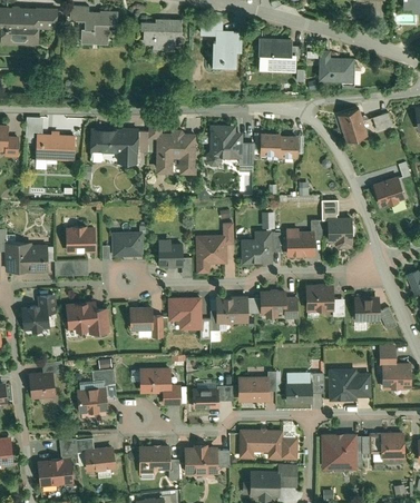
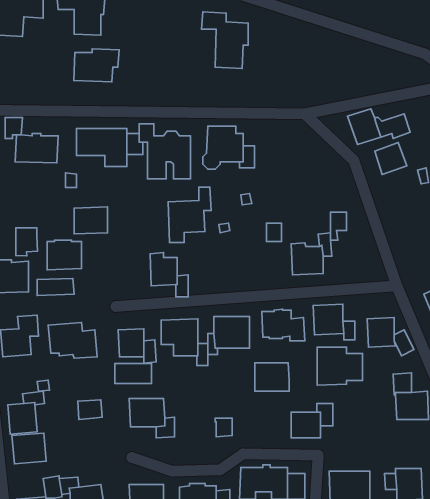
building: [144,16,185,46] -> [74,49,119,82]
building: [262,37,299,70] -> none
building: [322,50,358,81] -> none
building: [260,131,297,156] -> none
building: [373,175,402,204] -> [375,142,407,174]
building: none -> [16,228,38,256]
building: [326,216,352,247] -> none
building: [194,223,233,273] -> [168,187,211,242]
building: [240,230,272,264] -> none
building: [111,231,141,256] -> [74,207,107,234]
building: none -> [115,364,152,384]
building: [329,368,370,403] -> [317,347,363,385]
building: [237,378,268,404] -> [255,363,289,391]
building: [77,387,108,415] -> [12,433,46,464]
building: [191,391,217,412] -> none

